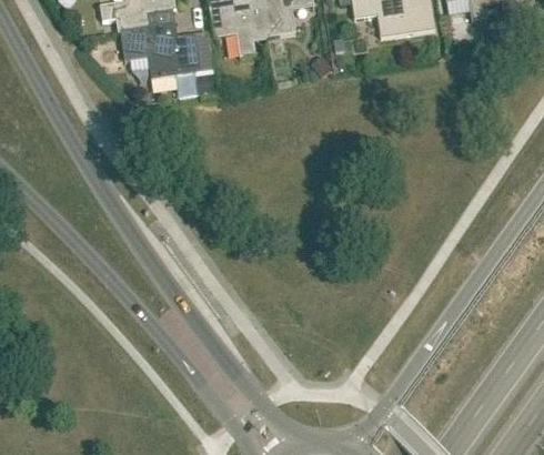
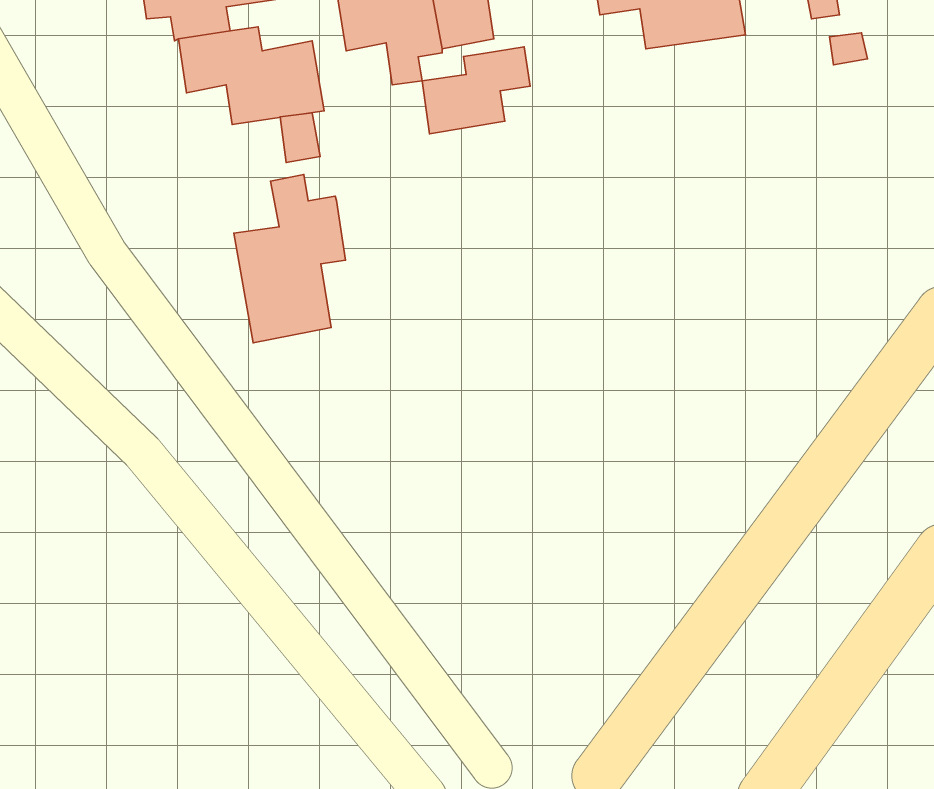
building: none -> [422,47,530,134]
building: none -> [234,174,346,343]

